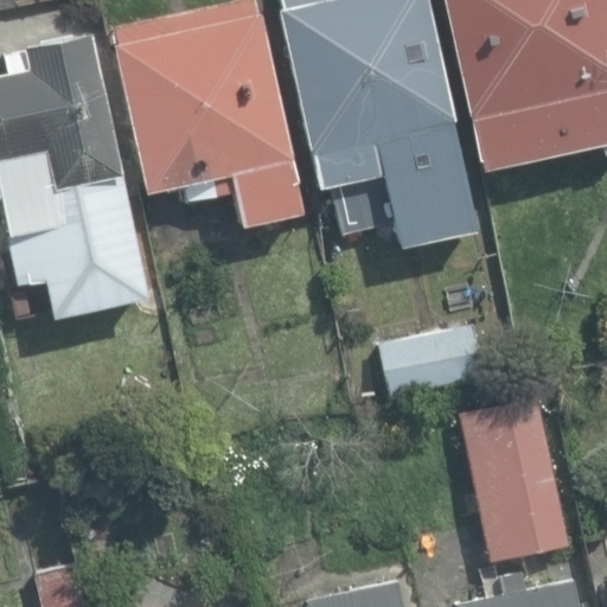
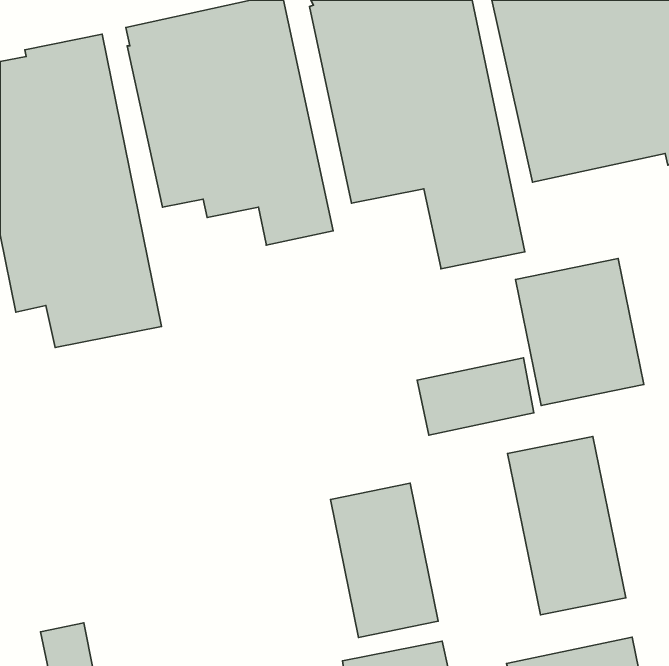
building: none -> [516,258,644,406]
building: none -> [331,483,438,637]

